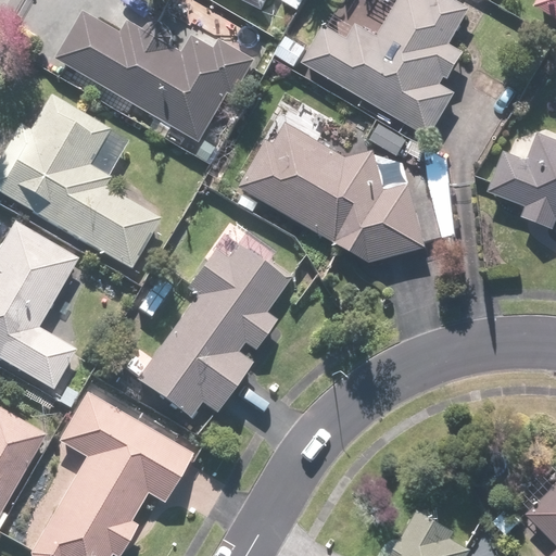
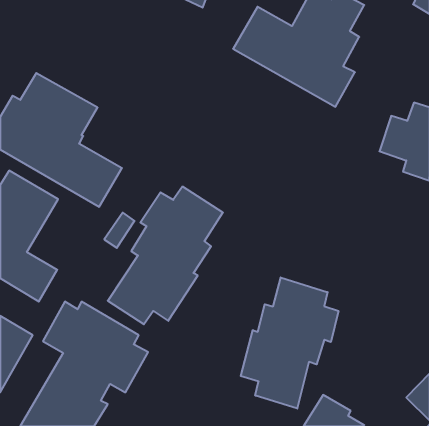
building: [58,10,267,151] -> none
building: [237,114,429,266] -> none
building: none -> [241,277,338,409]

